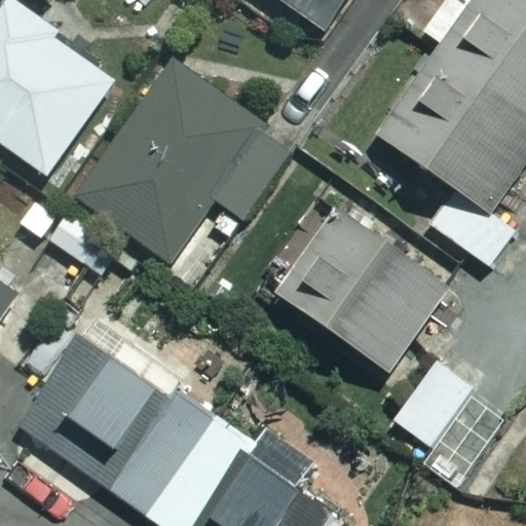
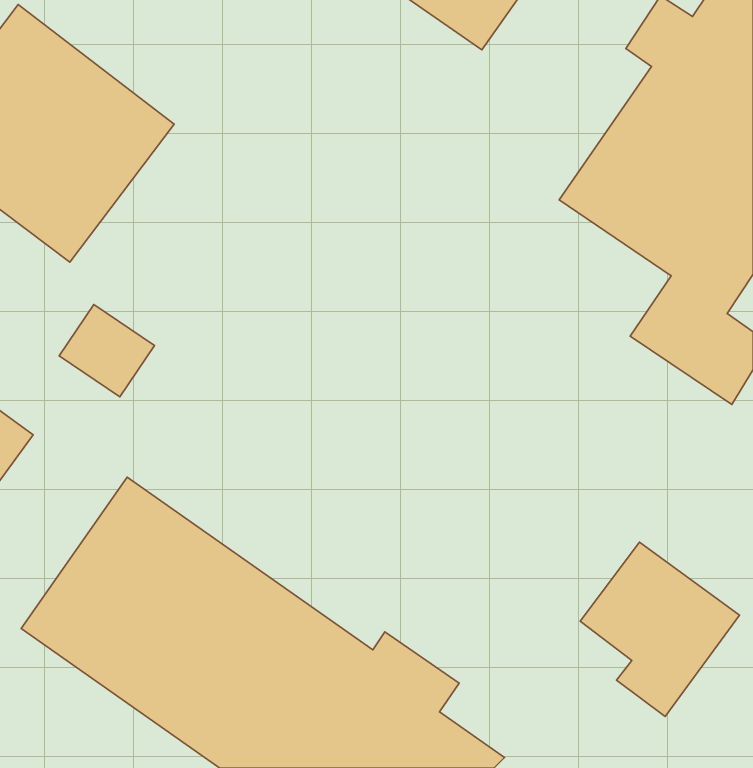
building: [78,62,287,260] -> none
building: [279,206,451,372] -> none

